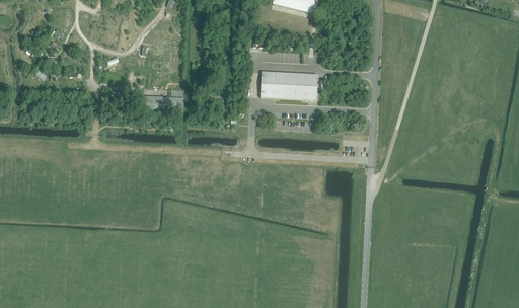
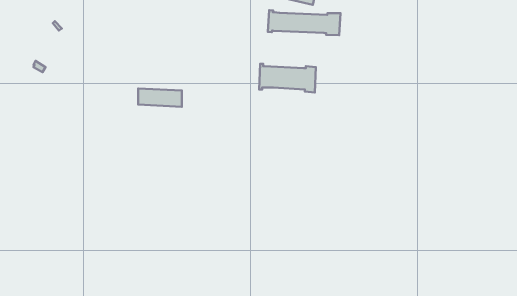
building: none -> [268,10,340,35]

